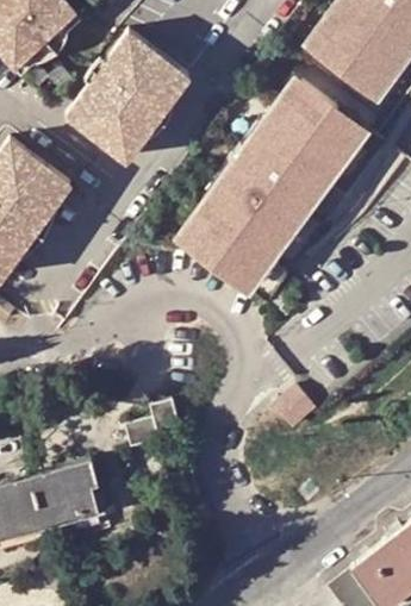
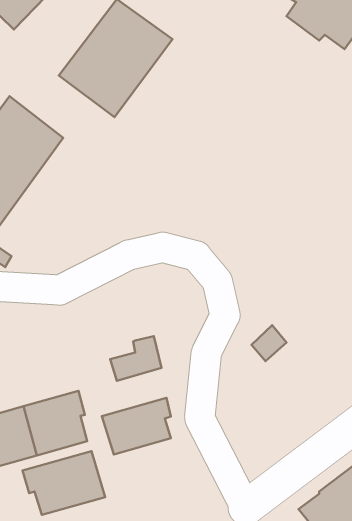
building: [186,83,359,281] -> none
building: none -> [102,398,171,455]
building: none -> [23,451,105,515]

